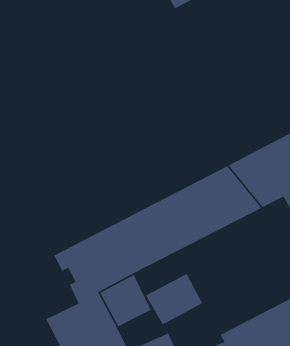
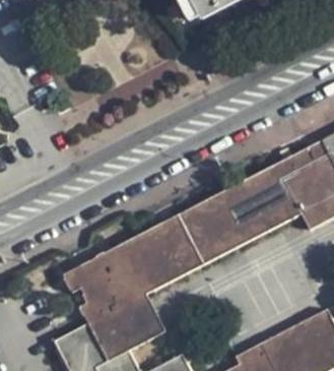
building: [145,273,203,325] -> none

